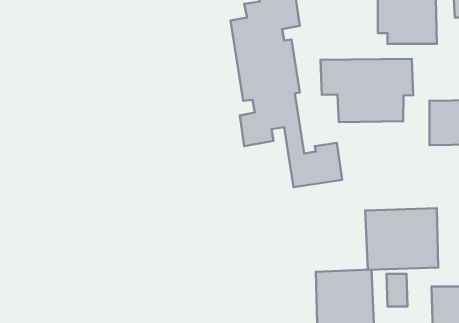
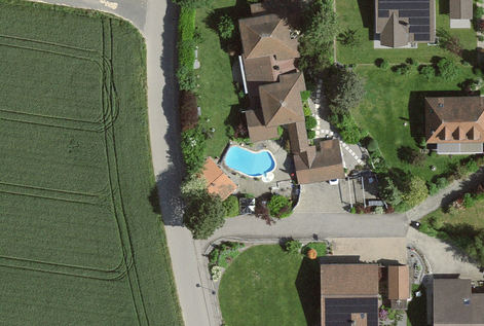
building: [320,59,413,122] -> none
building: [365,208,438,270] -> none

